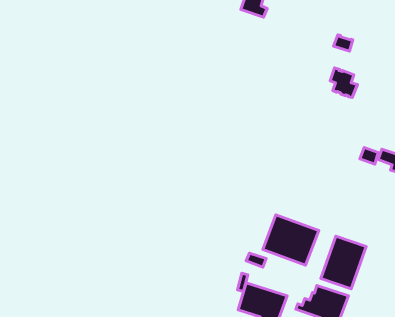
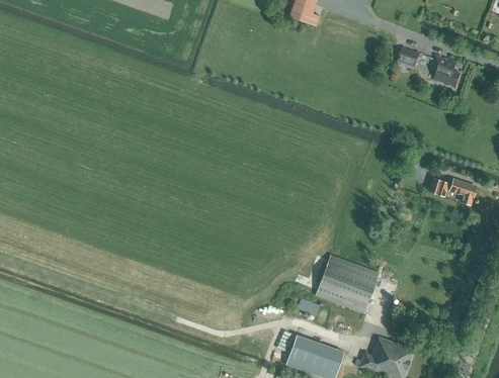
building: [330,68,357,98] -> [430,54,462,88]
building: [321,236,366,289] -> none

